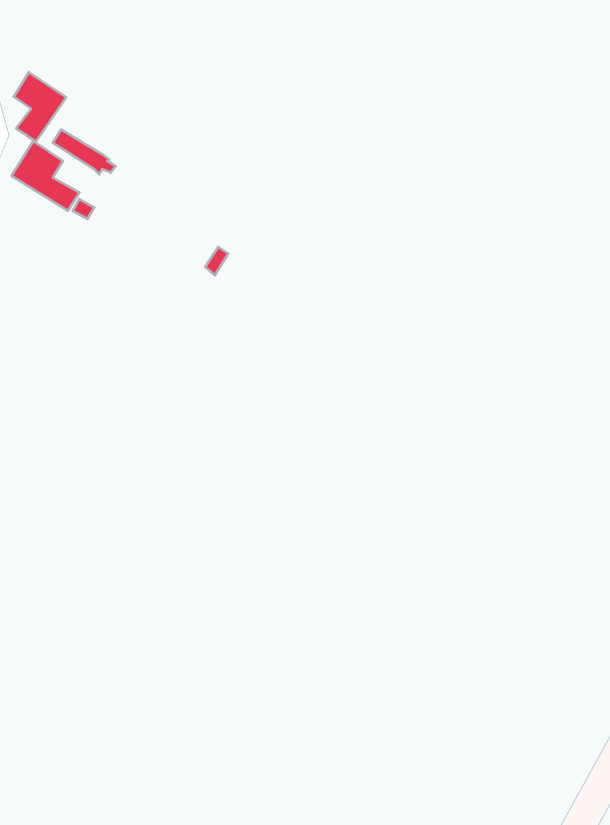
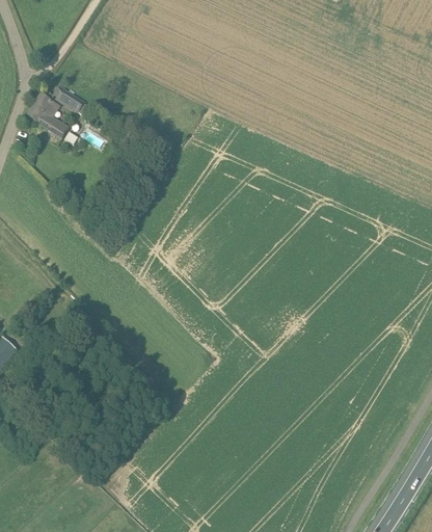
building: [14,72,66,142] -> none

